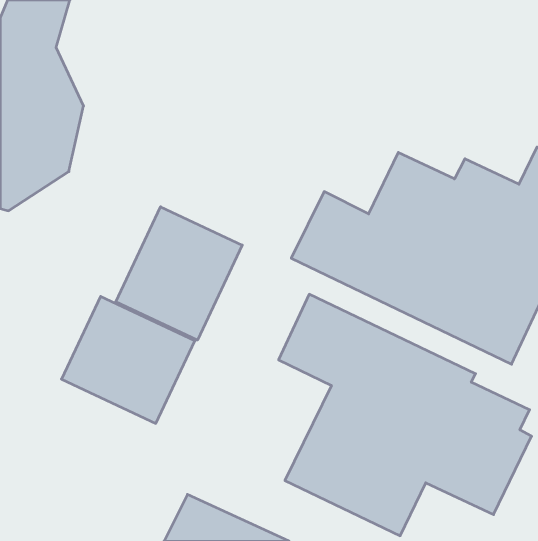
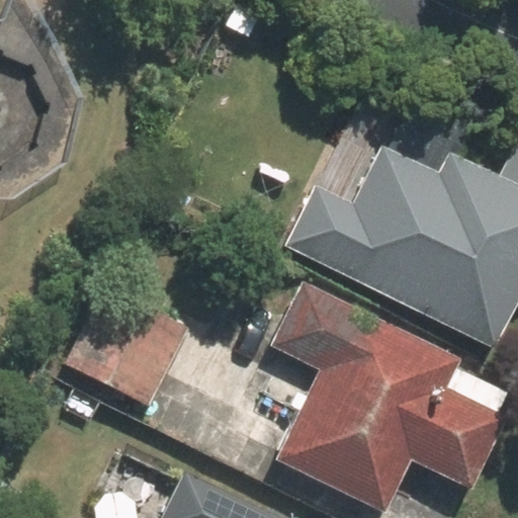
building: [116,207,242,340] -> none

